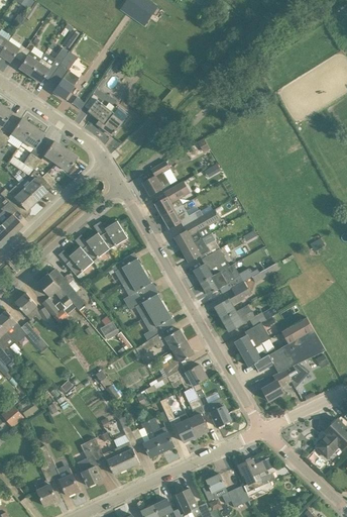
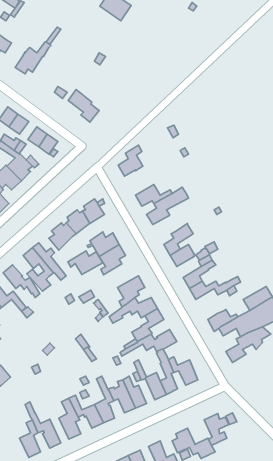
building: [17,45,43,75] -> none
building: [47,63,74,99] -> none
building: [154,187,182,216] -> none
building: [181,238,219,262] -> none
building: [126,292,164,318] -> [68,251,103,275]
building: [234,322,269,353] -> none

